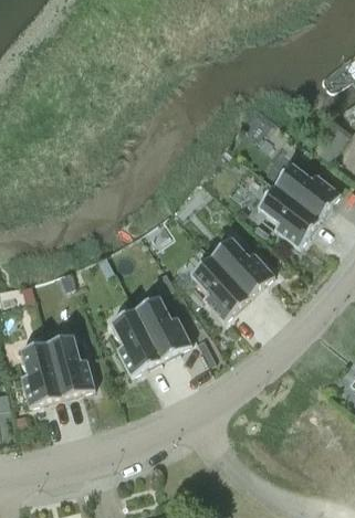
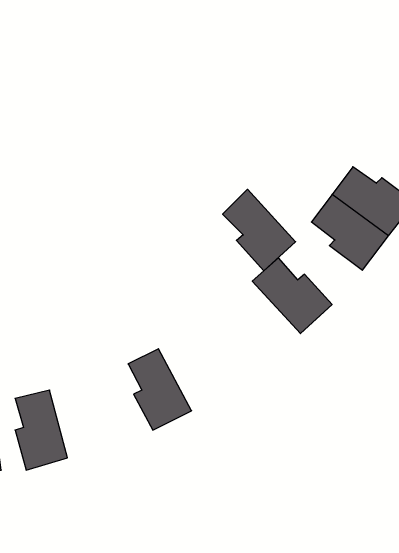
building: [189,254,248,319] -> [223,189,296,271]
building: [134,295,190,358] -> none
building: [46,334,94,395] -> none

